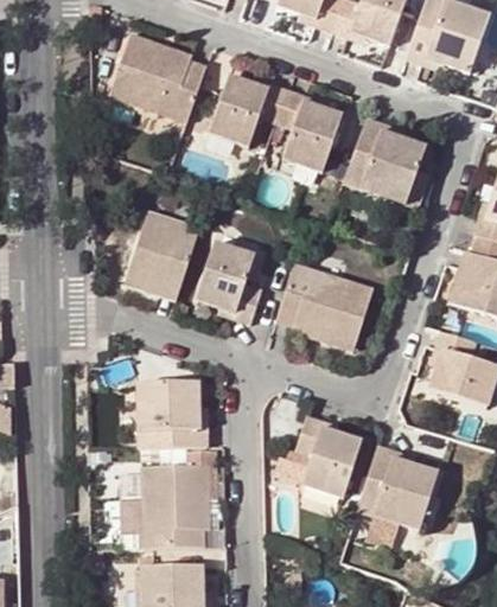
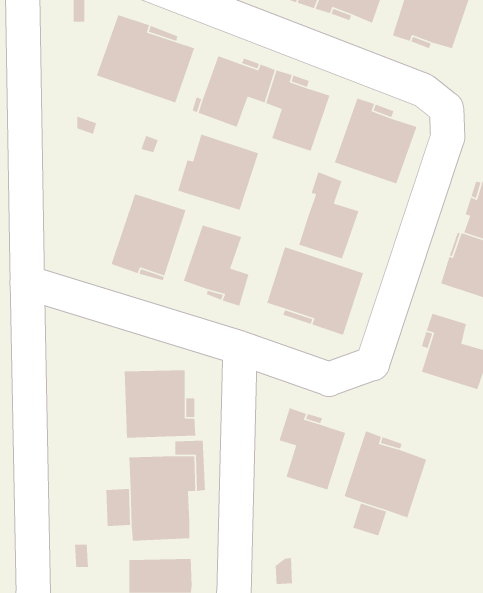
building: none -> [177,134,259,211]
building: none -> [298,171,360,259]

